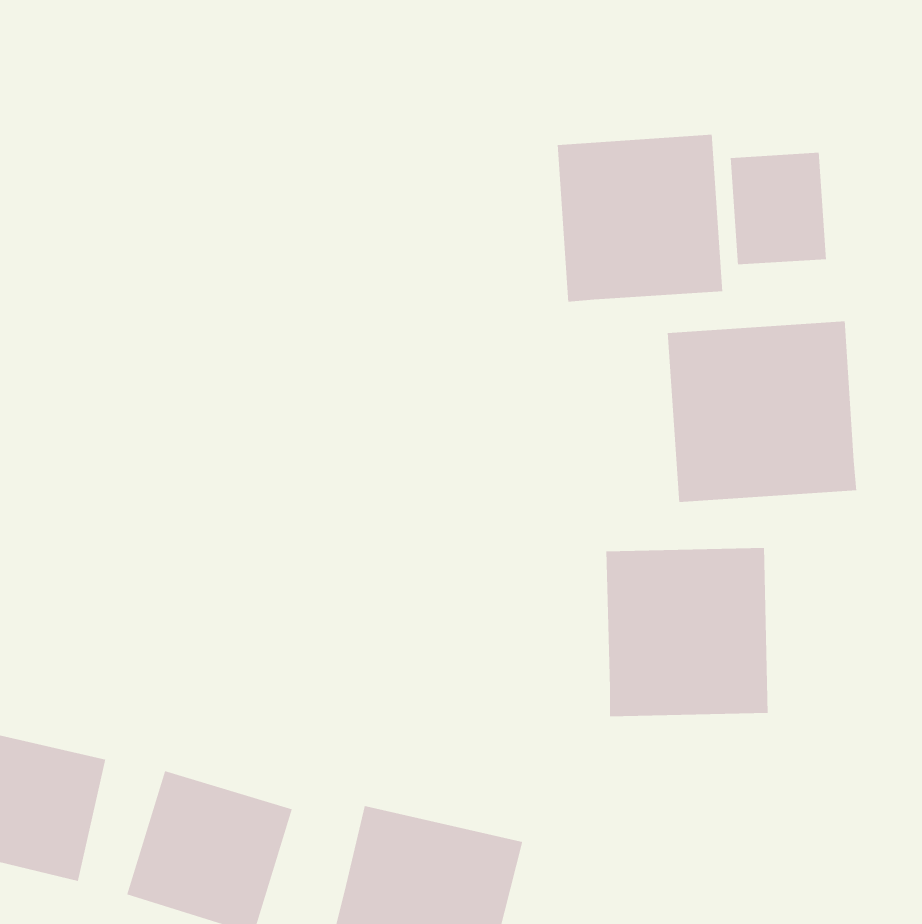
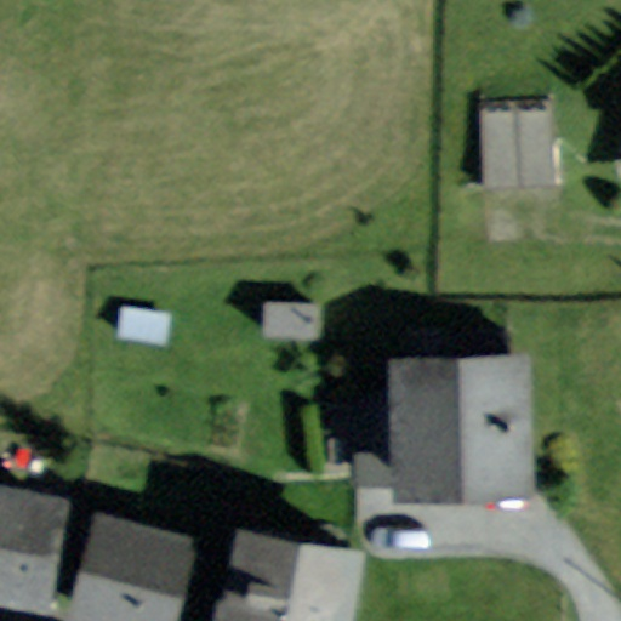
building: [557,134,723,303] -> none
building: [667,321,857,503] -> none

